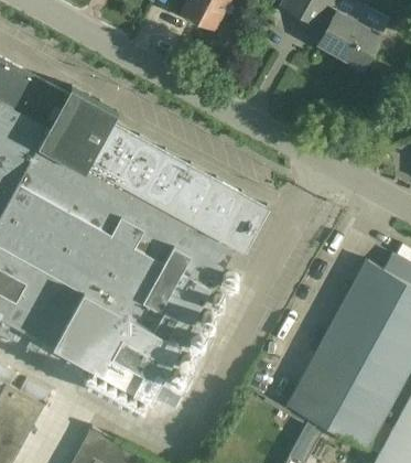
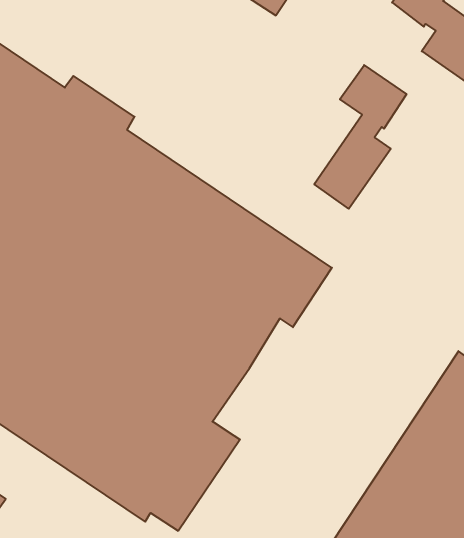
building: none -> [314,65,406,209]

